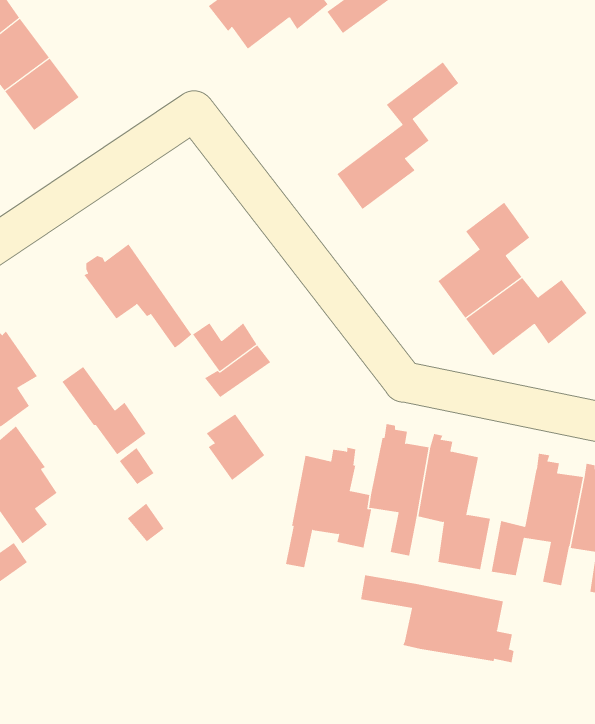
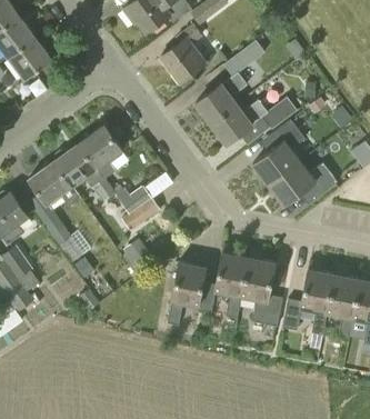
building: none -> [160,24,206,82]
building: none -> [210,97,297,143]
building: none -> [79,124,121,179]
building: none -> [28,160,81,206]
building: [361,574,514,663] -> none

